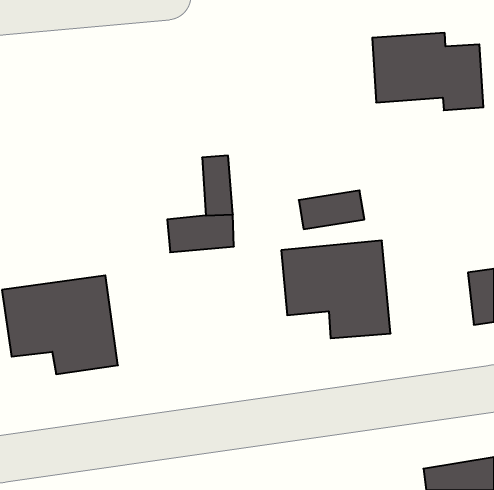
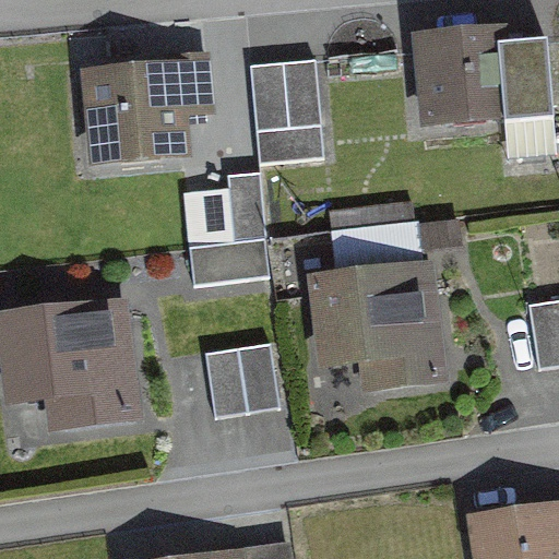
building: none -> [92,51,214,153]
building: none -> [251,61,321,159]
building: none -> [203,347,281,415]

